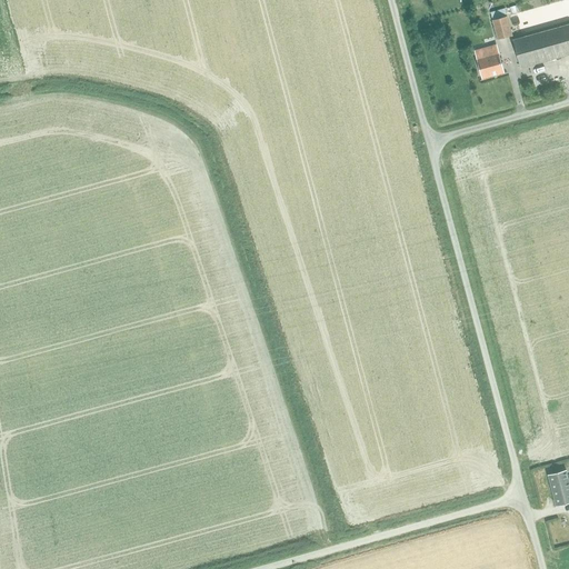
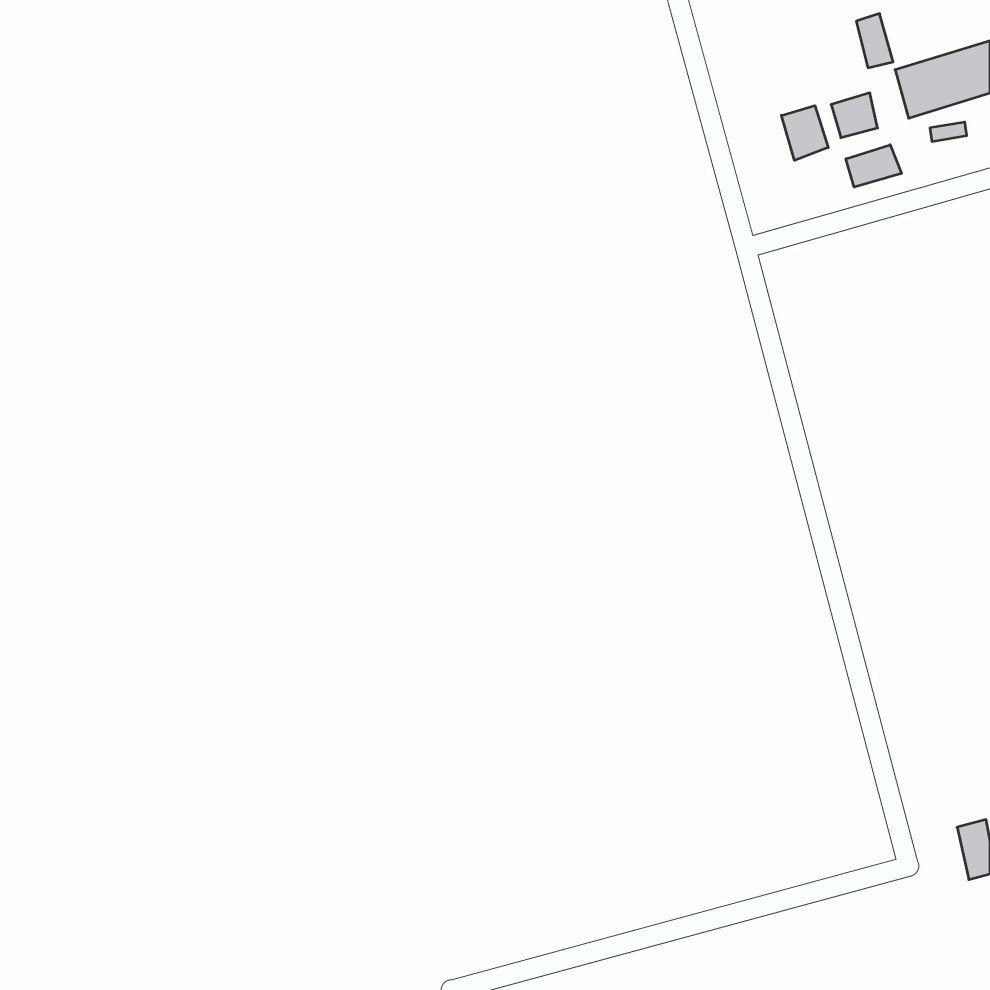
building: none -> [781,106,828,160]
building: none -> [846,145,902,187]

